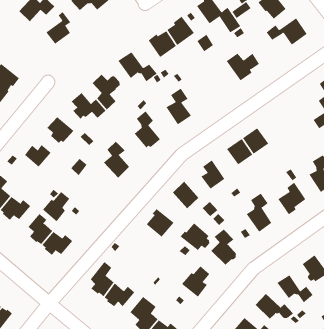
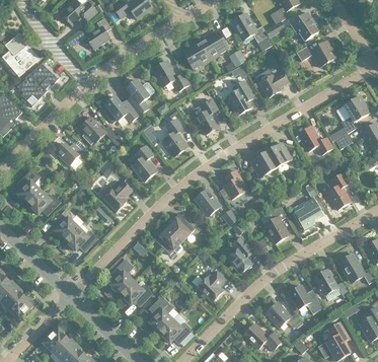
building: none -> [225,80,251,115]
building: none -> [296,126,331,155]
building: [42,191,70,222] -> [102,182,130,211]
building: [180,223,210,251] -> [152,227,180,255]

